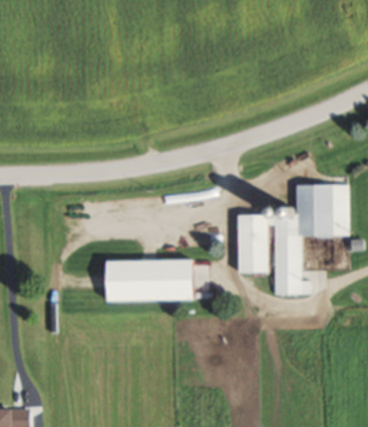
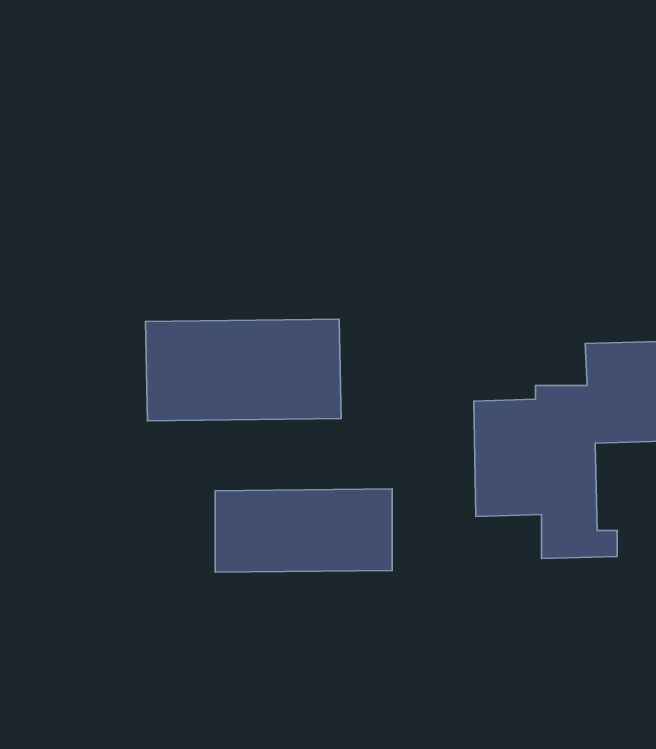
building: none -> [145,319,341,421]

